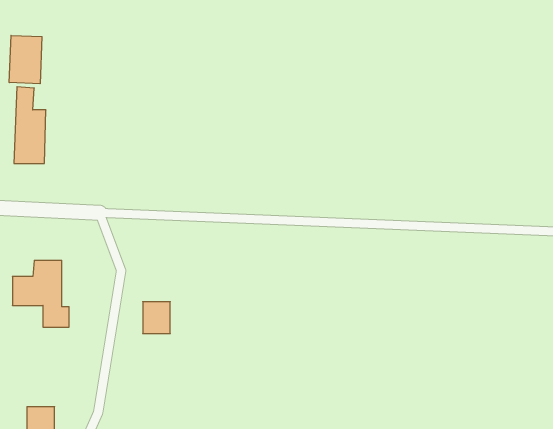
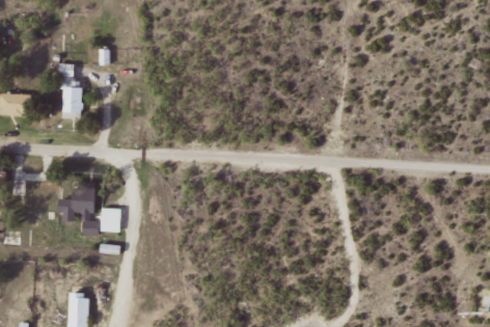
building: [9,35,42,84] -> none
building: [143,302,170,334] -> [100,208,119,230]

